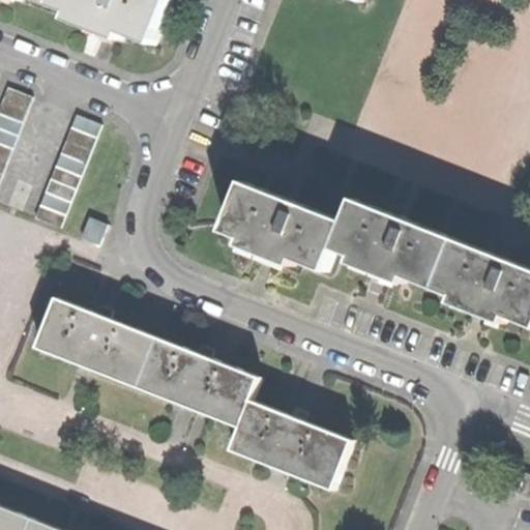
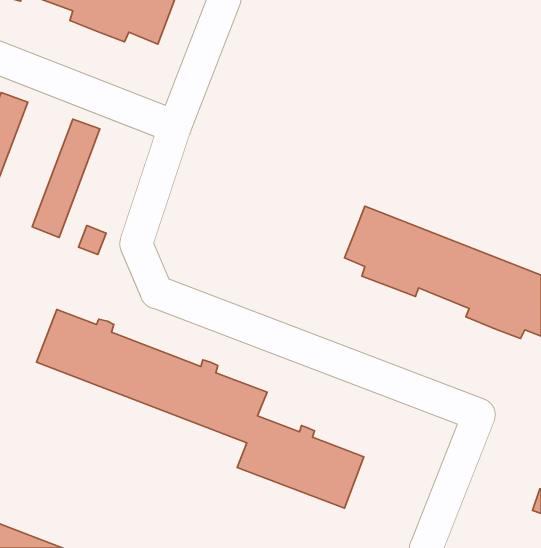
building: [223,182,343,271] -> none

